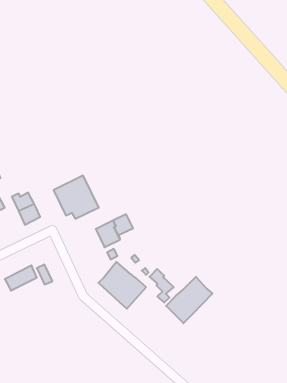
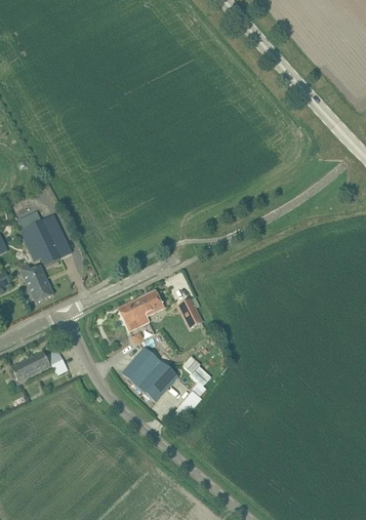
building: [54,176,99,219] -> [19,214,73,266]
building: none -> [178,297,201,328]
building: [166,277,212,323] -> none

